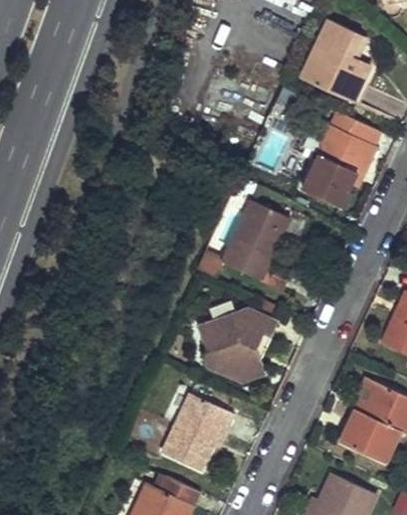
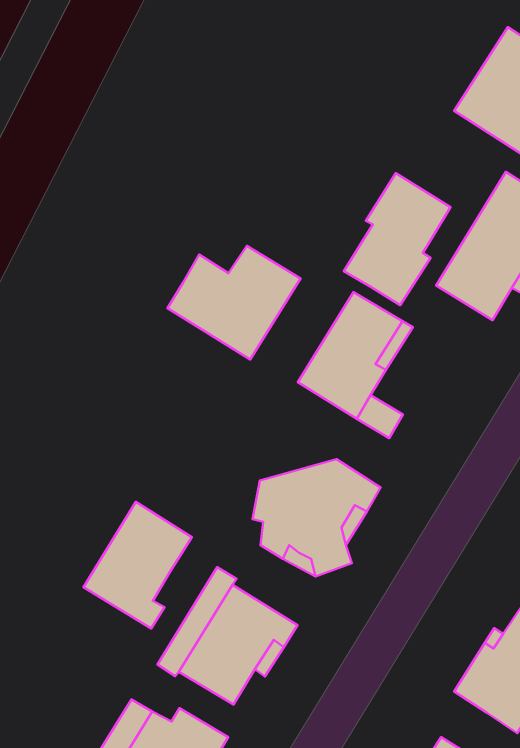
building: none -> [344,173,450,305]
building: none -> [167,246,300,360]
building: none -> [83,502,192,629]

